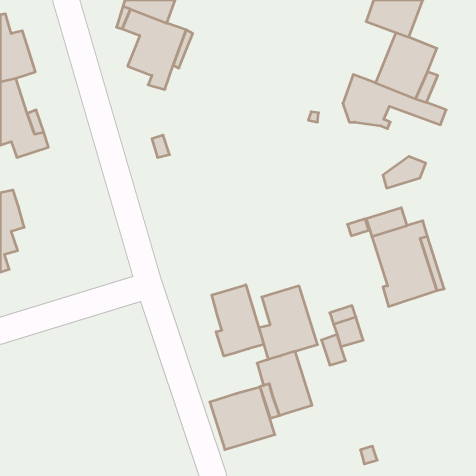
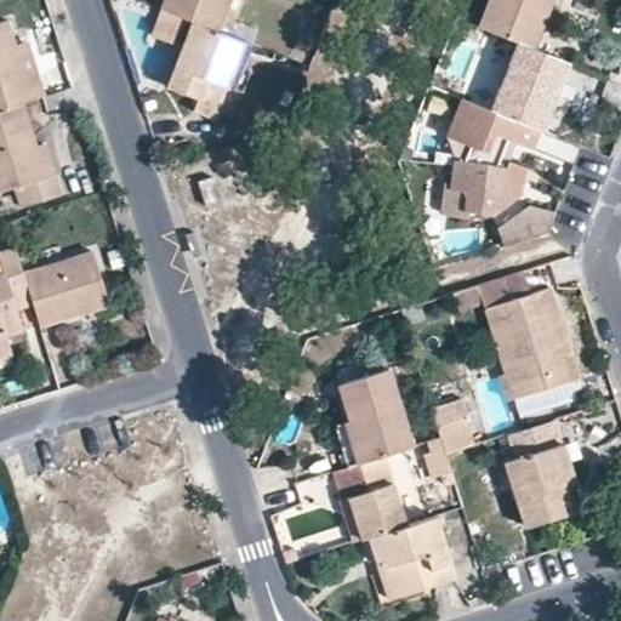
building: none -> [435,159,526,221]
building: none -> [24,250,109,324]
building: [212,285,264,356] -> none
building: none -> [506,423,576,532]
building: [210,387,275,450] -> [371,519,456,600]

